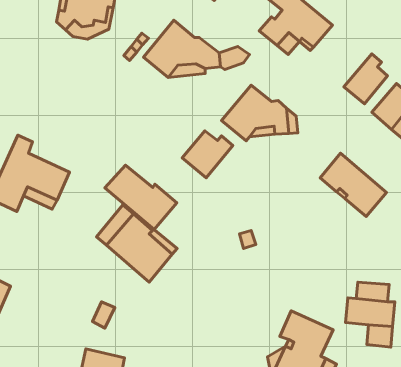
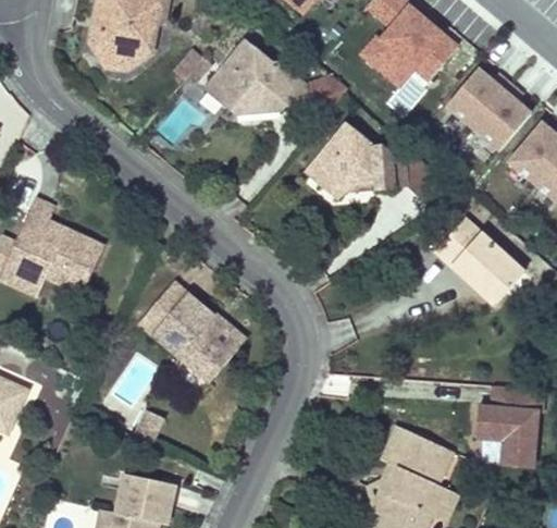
building: none -> [443,66,506,126]
building: [182,131,233,178] -> none
building: [105,165,177,230] -> none

